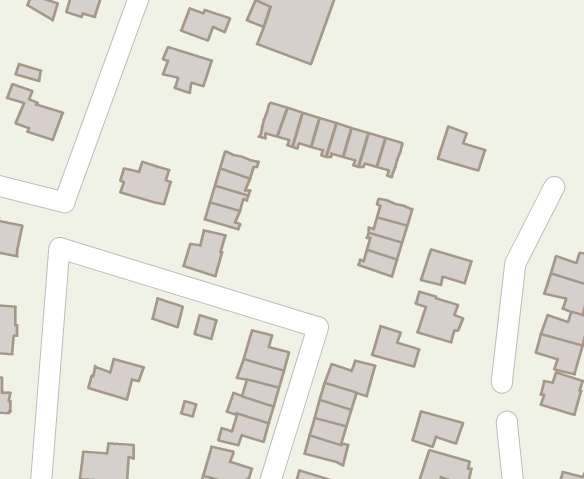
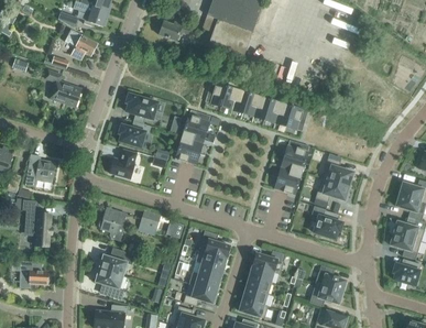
building: none -> [64,28,97,59]
building: [163,47,212,93] -> [125,94,157,123]
building: [438,127,485,170] -> [321,156,352,185]
building: [183,230,226,276] -> [109,149,136,178]
building: none -> [99,207,127,240]
building: [372,326,419,366] -> [315,264,346,291]
building: none -> [95,267,123,298]

